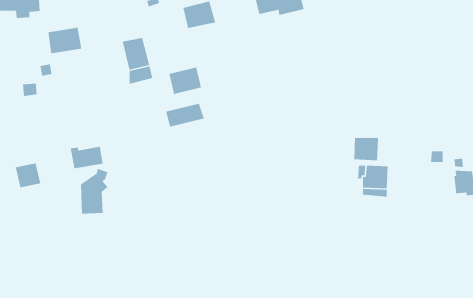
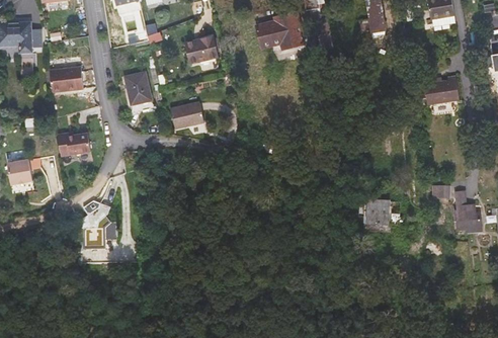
building: none -> [423,75,459,105]
building: [165,103,205,128] -> none
building: [354,137,379,161] -> none
building: [70,146,103,169] -> [60,129,93,152]
building: [15,163,41,188] -> [7,160,33,185]

